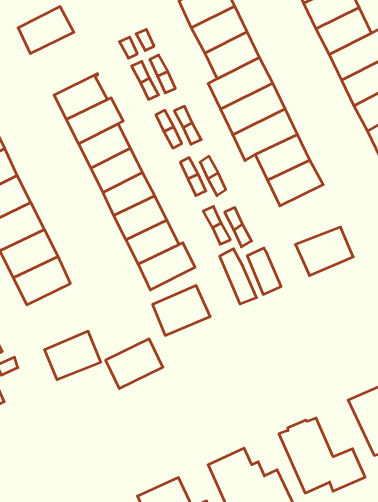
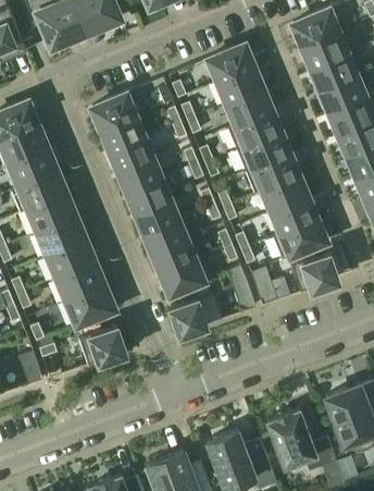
building: [18,7,74,54] -> [92,94,138,131]
building: none -> [273,219,326,260]
building: [106,339,163,389] -> [67,286,114,326]

